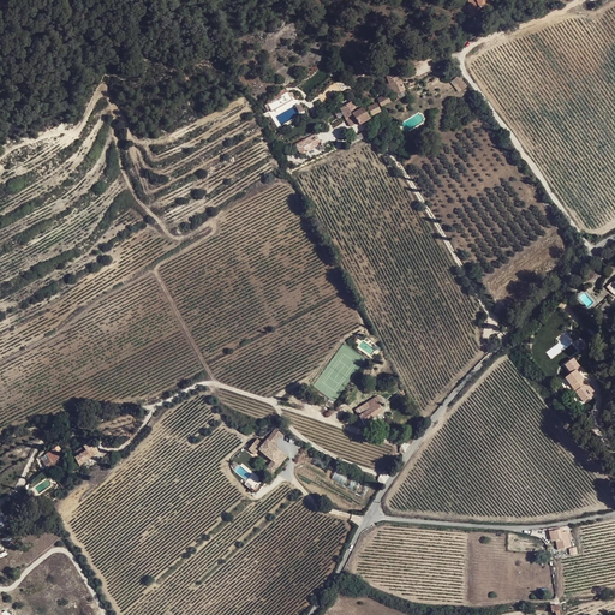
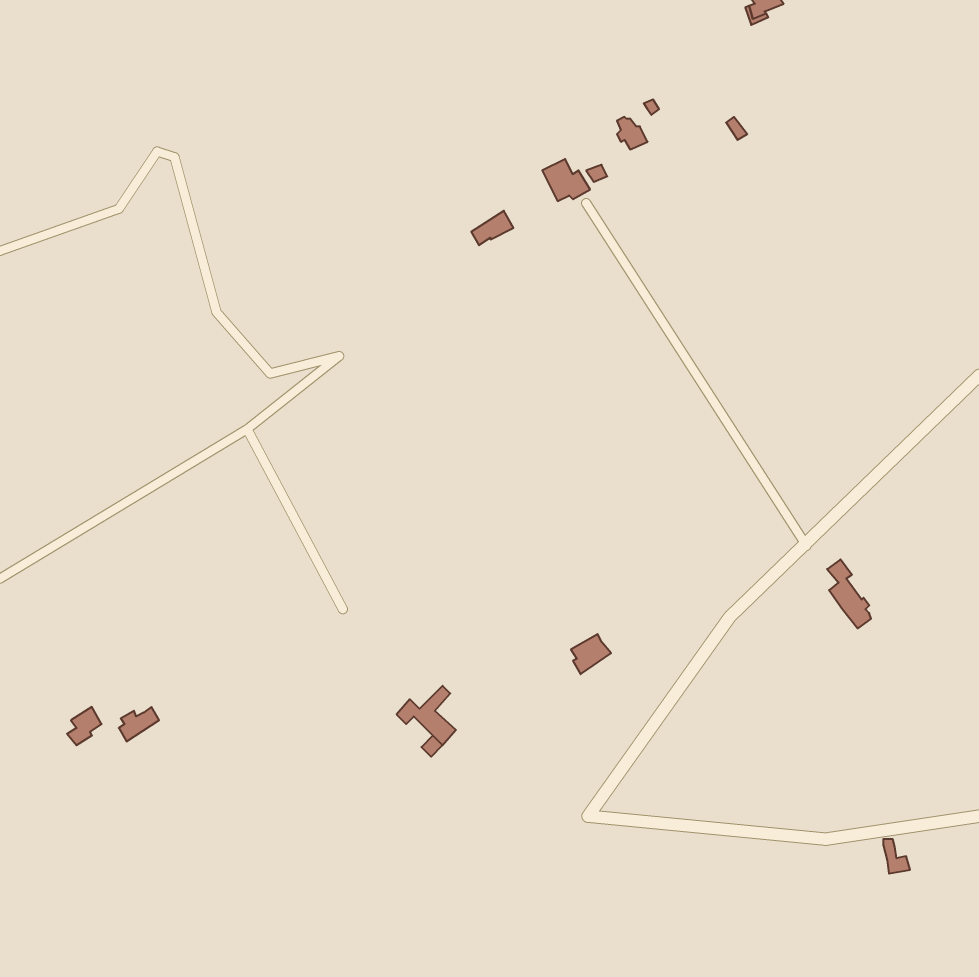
building: [565,357,592,400] -> [827,559,871,628]

